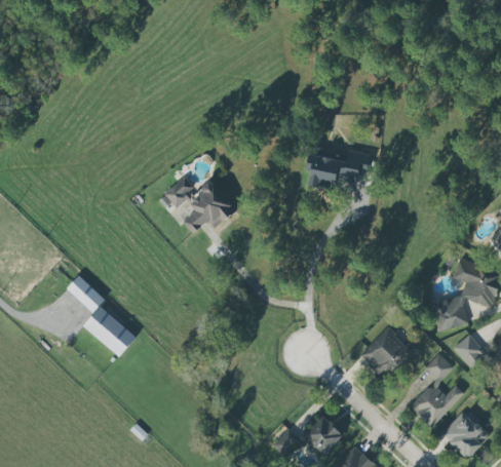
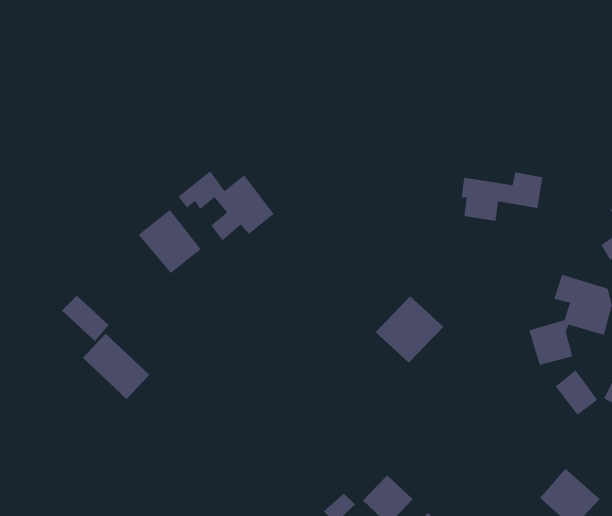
building: [306,151,371,190] -> [461,172,543,222]
building: none -> [138,209,202,274]
building: [359,327,414,381] -> [375,296,444,364]
building: [410,354,464,428] -> none

